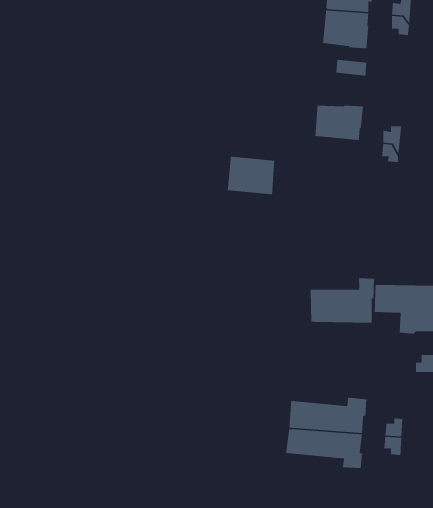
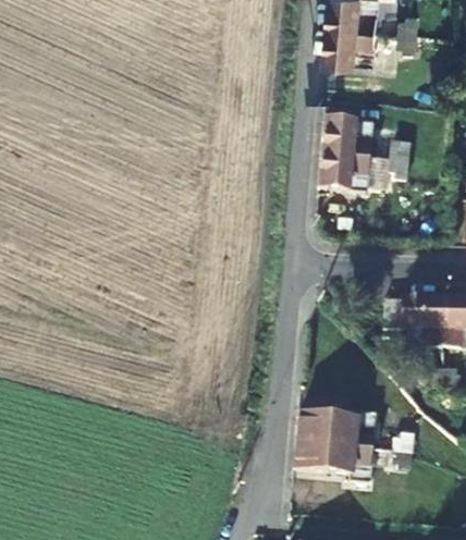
building: [227,156,275,195] -> [320,148,368,187]
building: [310,277,375,323] -> none

